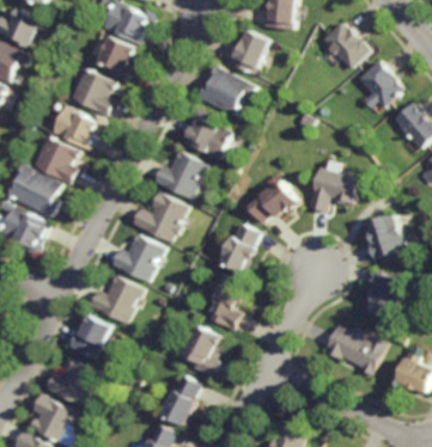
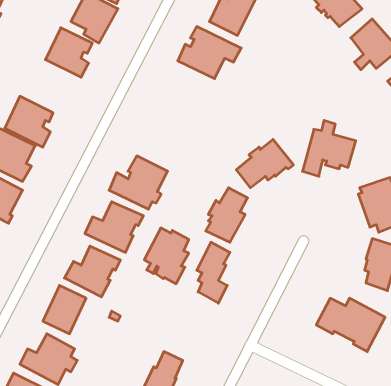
building: [53,108,99,149] -> none
building: [180,112,227,157] -> none
building: [150,148,203,197] -> none
building: [180,323,221,375] -> [144,228,189,284]

